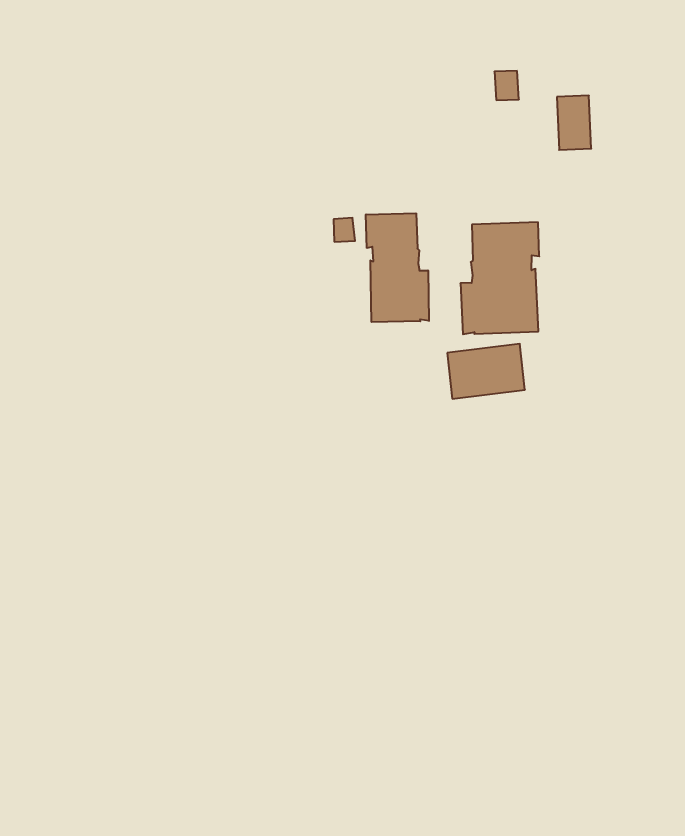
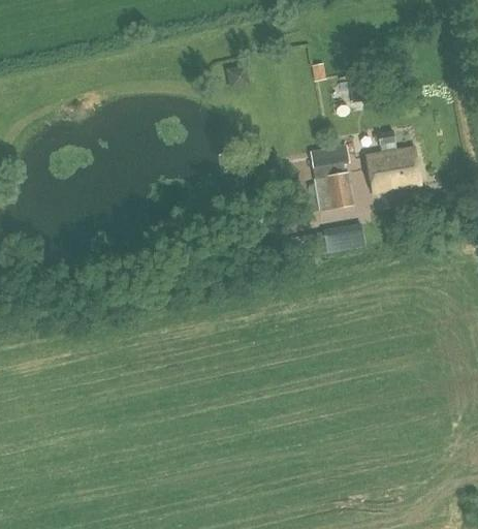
building: none -> [365,131,420,193]
building: [366,213,429,322] -> none

